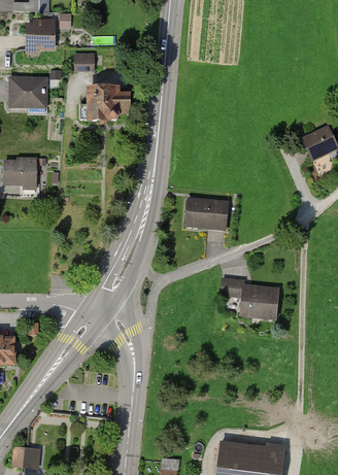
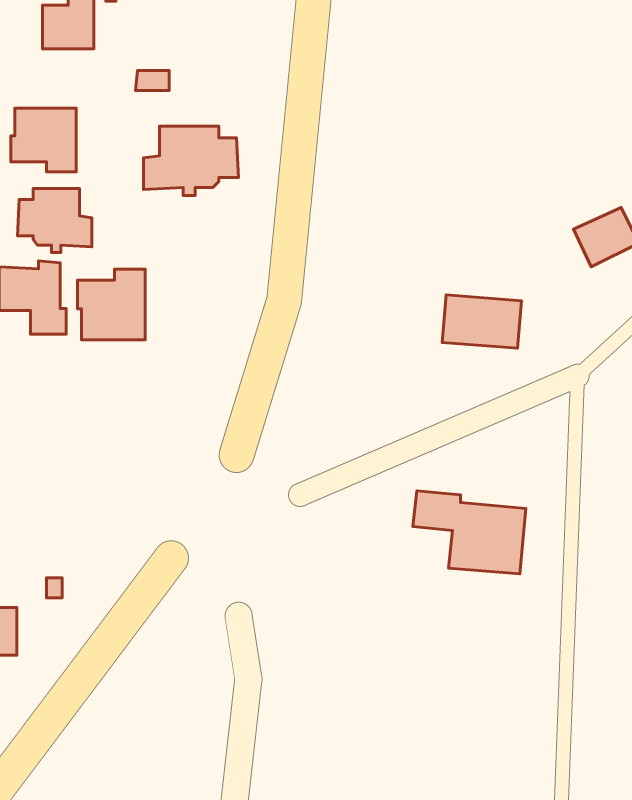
building: none -> [18,188,92,252]
building: none -> [77,269,145,340]
building: [187,200,228,228] -> [442,295,521,348]

